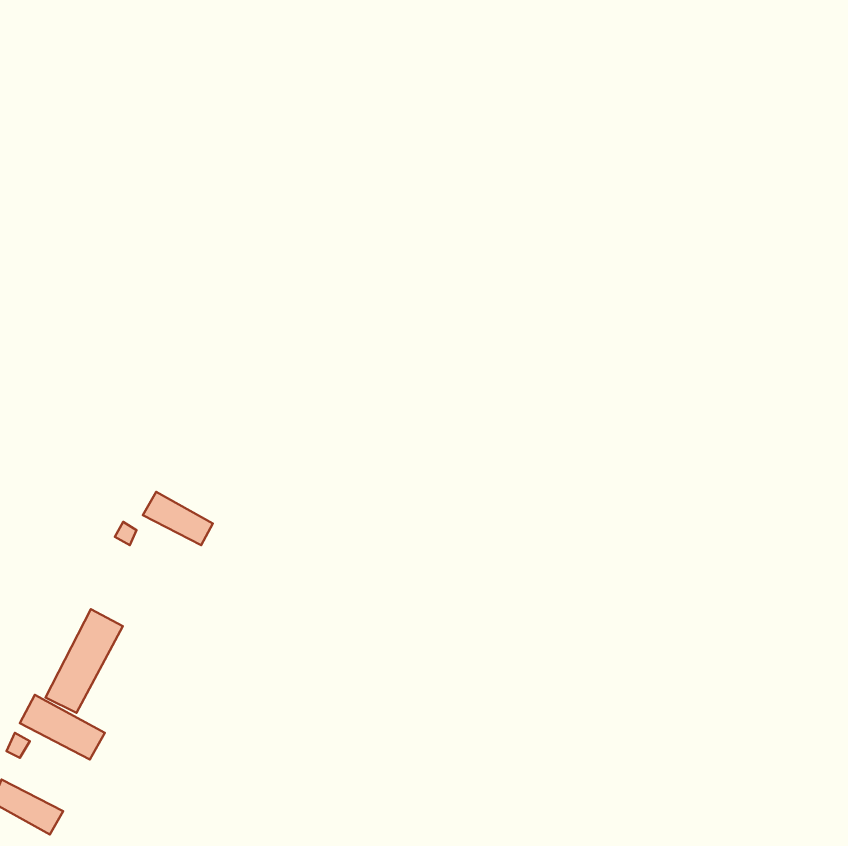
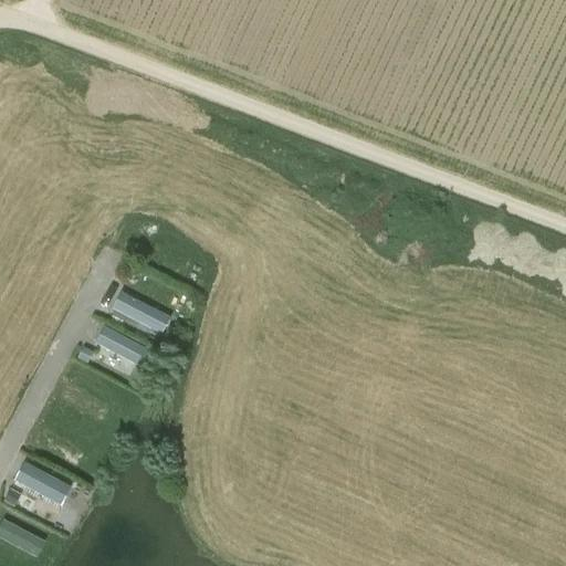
building: none -> [113,289,172,332]
building: [45,609,123,713] -> none

